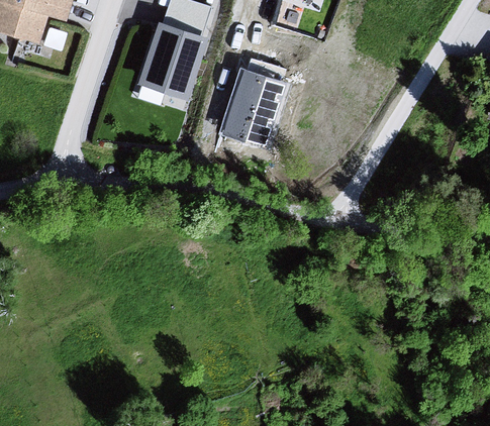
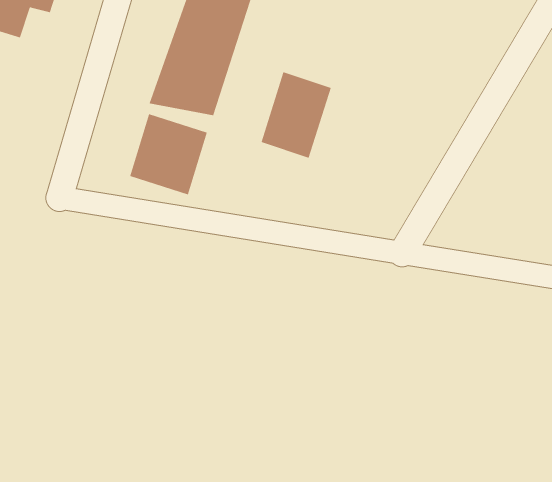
building: none -> [129,113,208,195]

